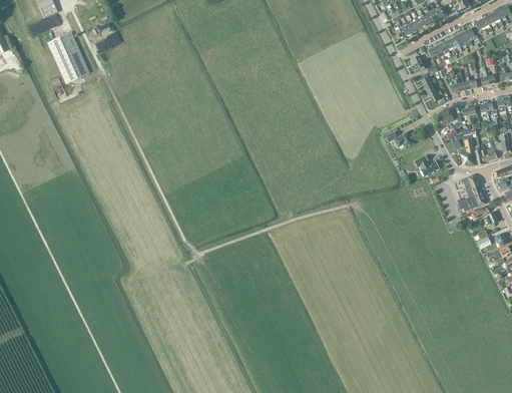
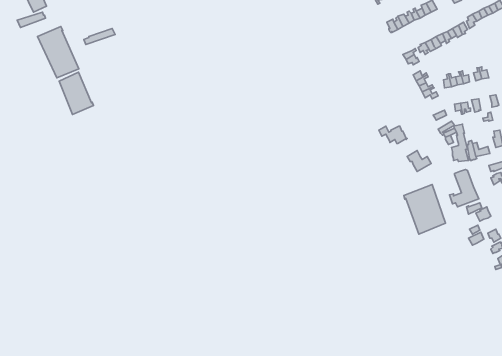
building: none -> [59,72,93,115]
building: none -> [404,185,446,234]

